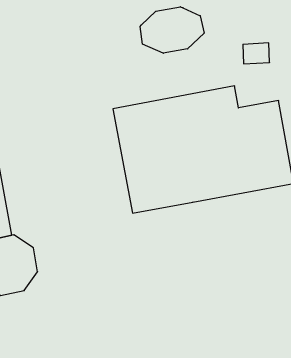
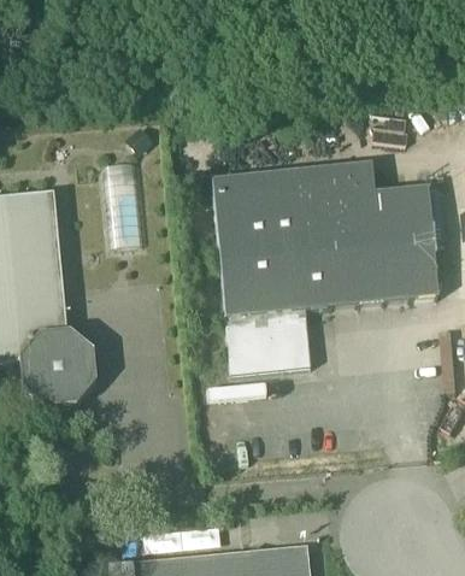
building: [140,7,204,53] -> none
building: none -> [225,307,311,372]

